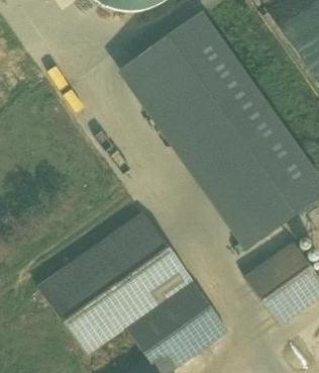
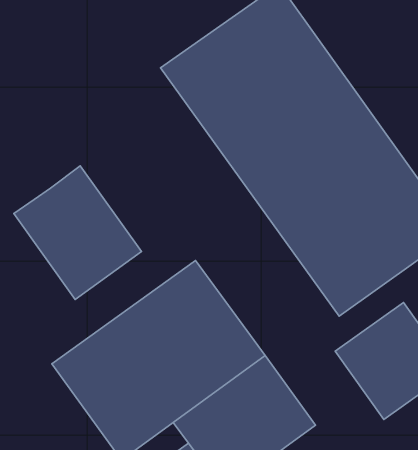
building: none -> [14,166,141,299]

